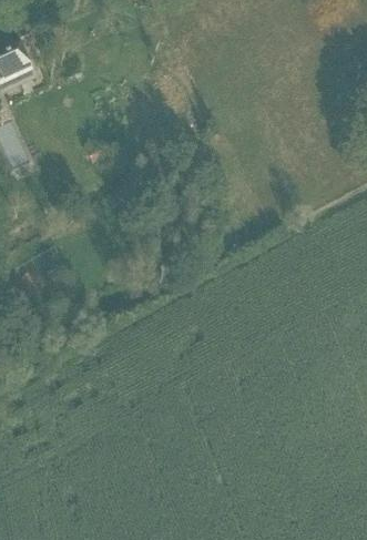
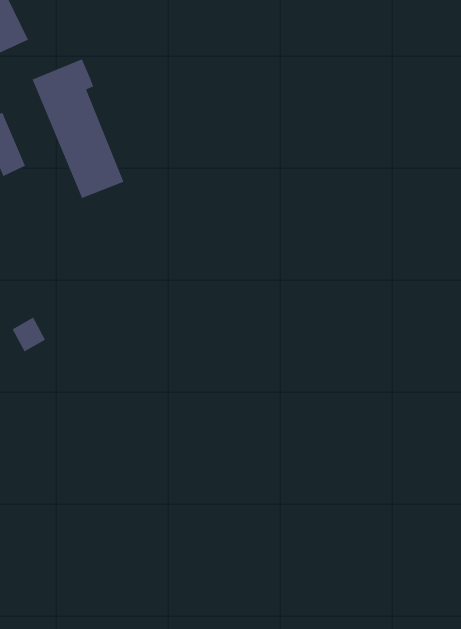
building: none -> [32,58,124,199]

